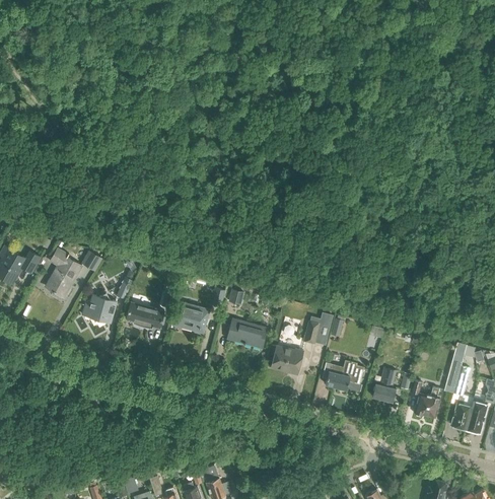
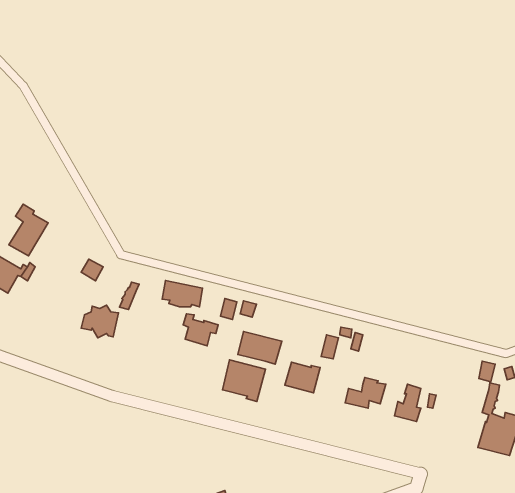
building: [46,249,82,297] -> [9,204,48,256]
building: [126,305,163,330] -> [162,280,203,307]
building: none -> [222,360,266,402]
building: [412,380,440,417] -> none

